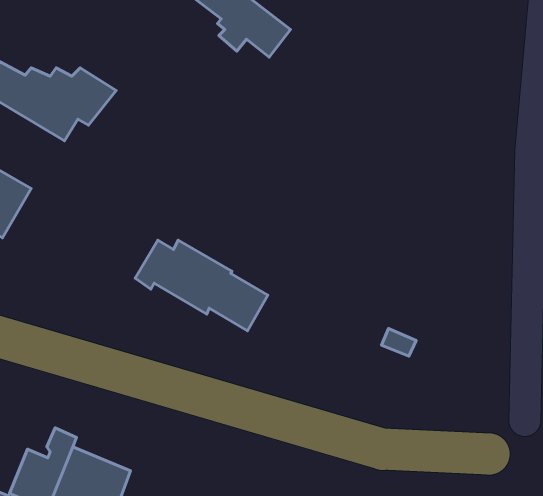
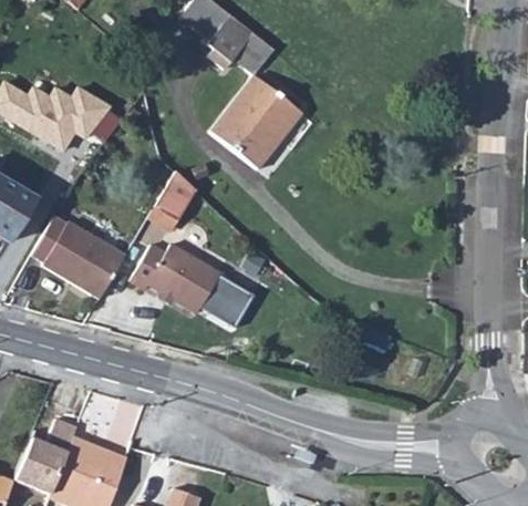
building: none -> [211,76,303,169]
building: none -> [156,172,197,221]
building: none -> [32,217,126,298]

